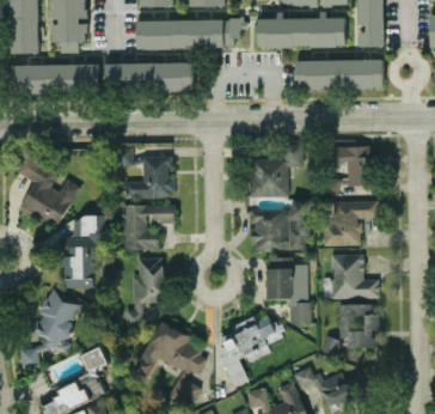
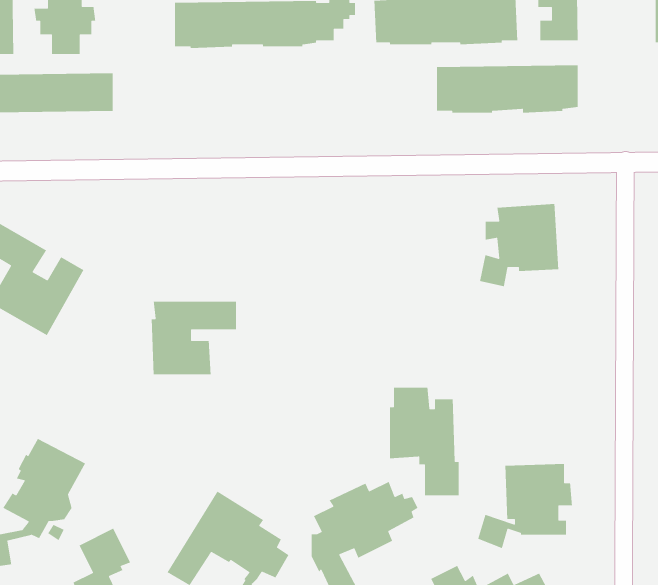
building: [106,63,195,93] -> none
building: [249,144,304,197] -> none
building: [115,147,173,197] -> none
building: [250,201,311,250] -> none
building: [323,201,379,246] -> none
building: [61,215,106,287] -> none
building: [323,254,379,299] -> none
building: [124,257,166,329] -> none

